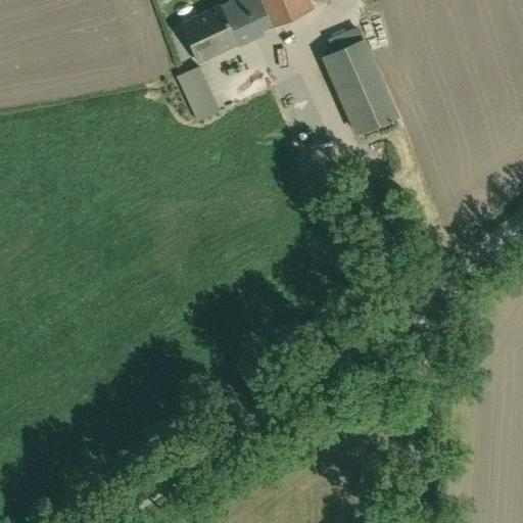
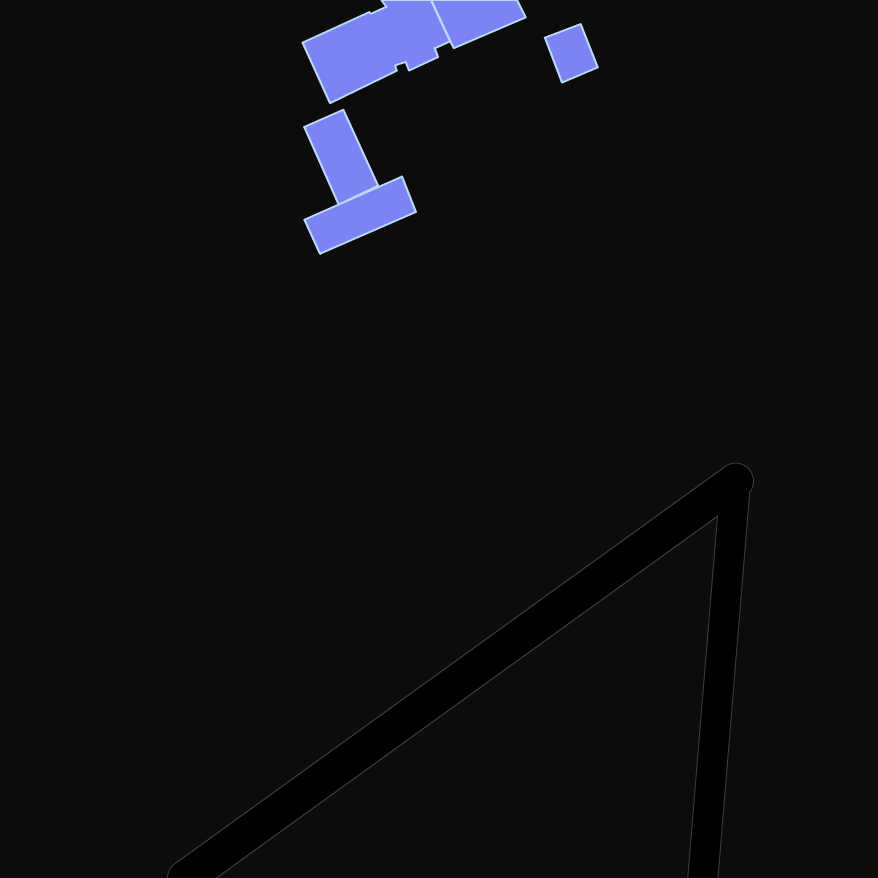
building: [324,42,394,133] -> none
building: none -> [304,176,416,254]

